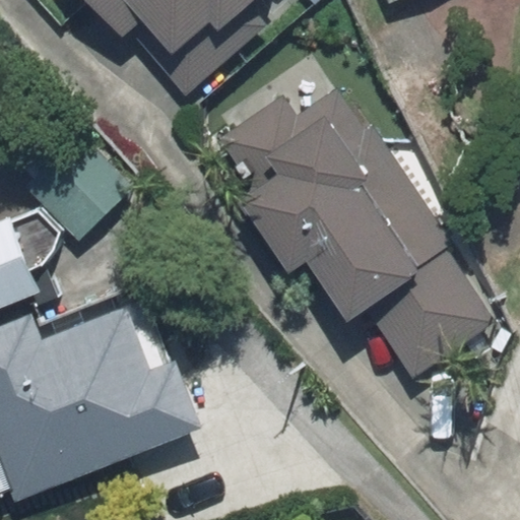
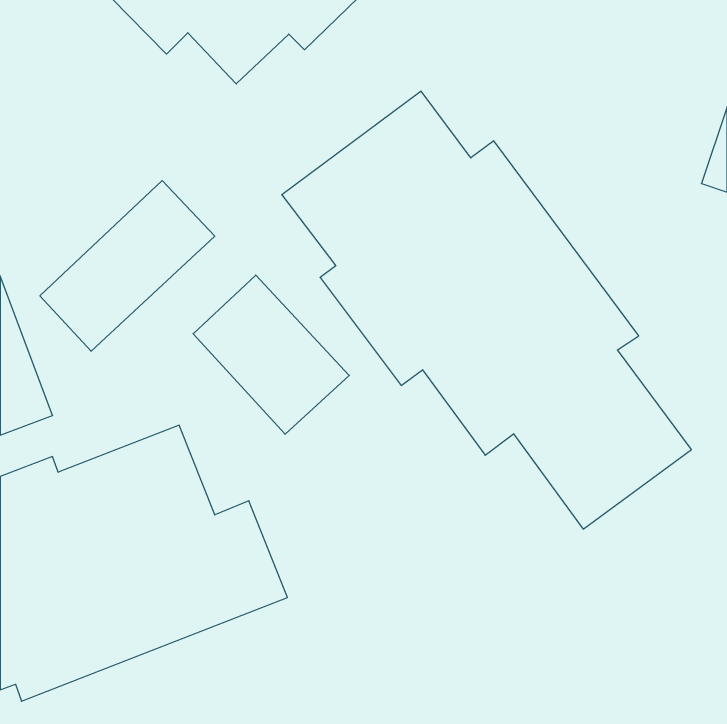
building: none -> [193,275,349,434]

